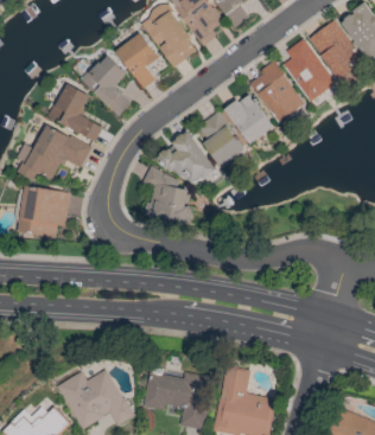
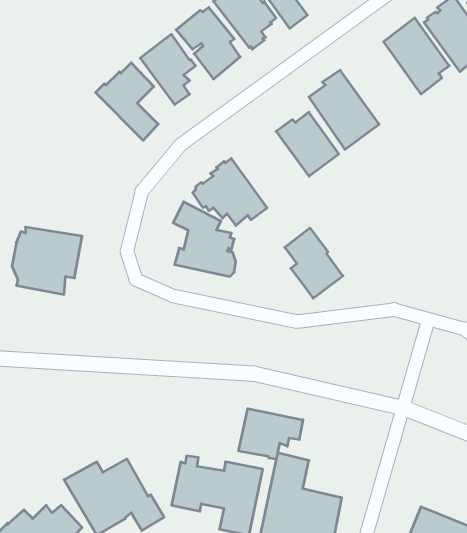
building: [281,38,335,102] -> none
building: [46,83,102,141] -> none
building: [197,110,243,166] -> [285,228,343,298]
building: [15,122,93,181] -> none
building: none -> [239,409,303,459]

